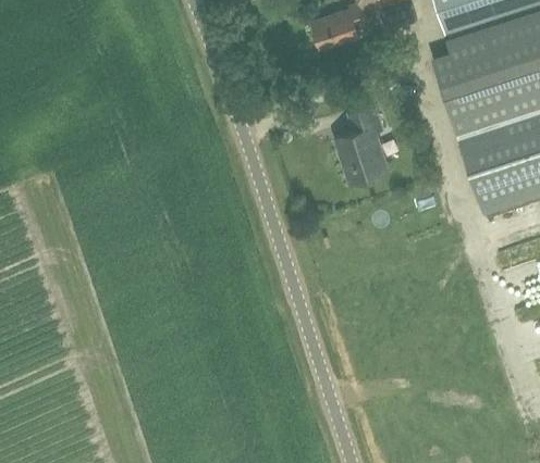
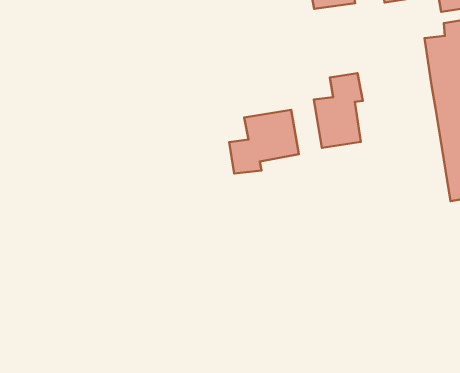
building: none -> [229,110,299,174]

